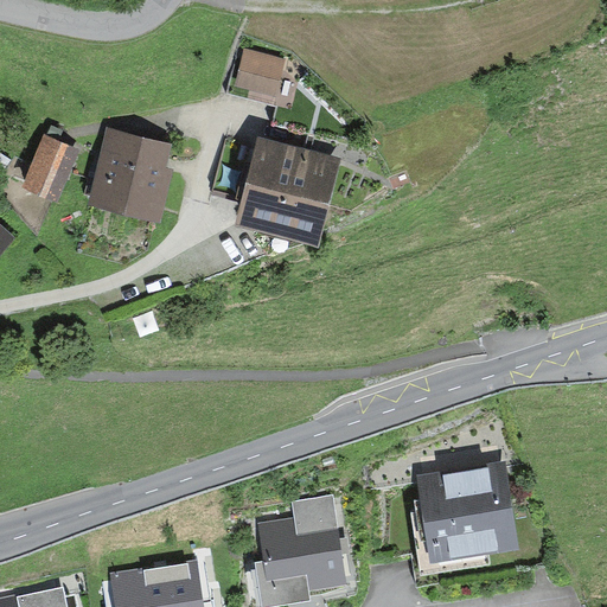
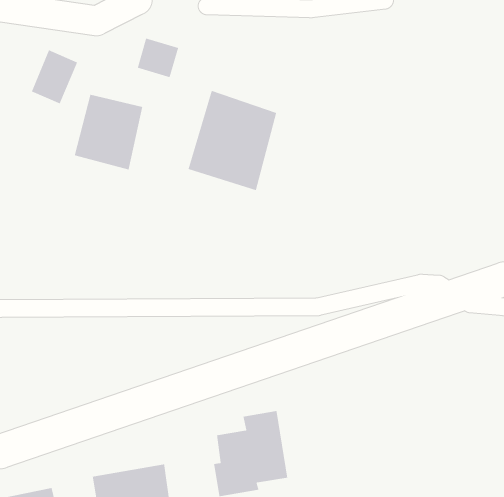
building: [235,57,286,106] -> [137,38,179,78]
building: [23,139,79,205] -> [31,49,78,104]
building: [423,474,513,557] -> none

